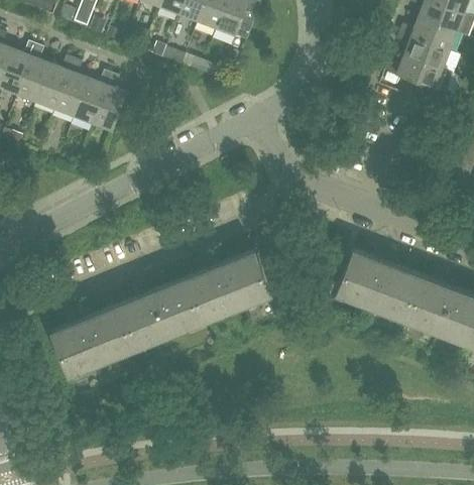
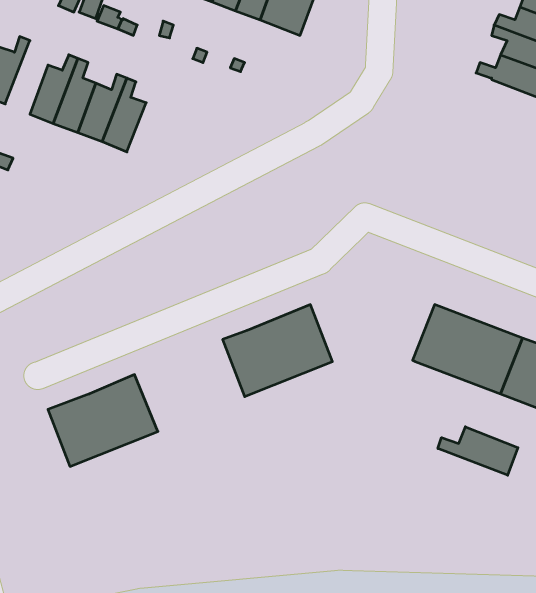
building: [17,43,50,101] -> none
building: [118,276,204,348] -> none
building: none -> [438,427,518,475]

